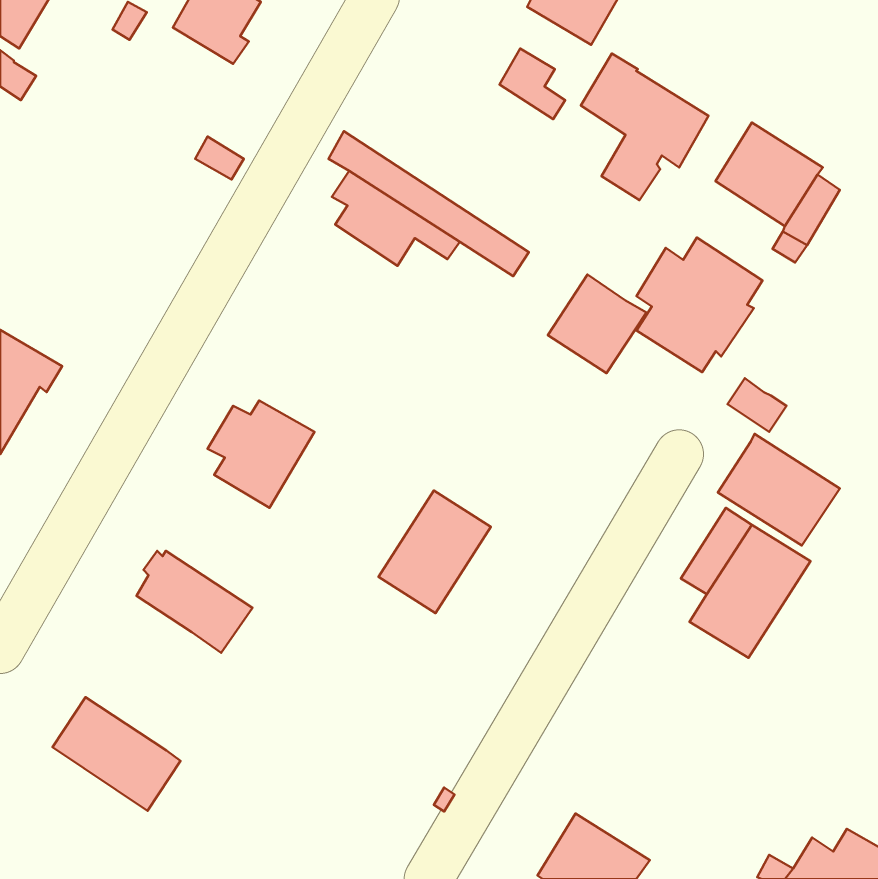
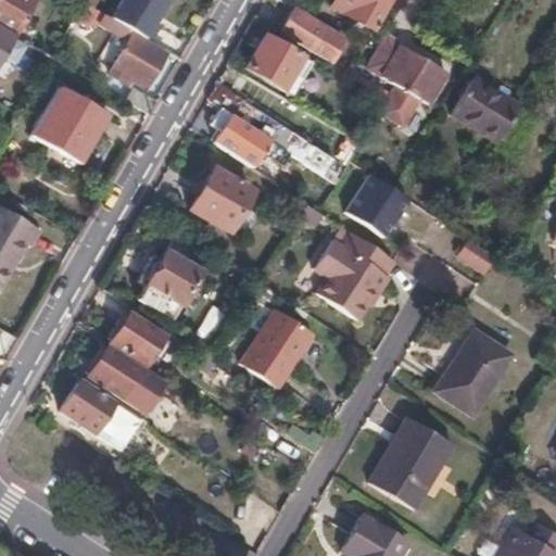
building: none -> [286,12,330,53]
building: none -> [113,26,164,85]
building: none -> [249,36,312,89]
building: none -> [30,87,106,162]
building: [636,237,763,372] -> [316,233,395,318]
building: none -> [193,169,252,229]
building: [718,434,840,545] -> none
building: none -> [109,313,164,364]
building: none -> [368,416,453,509]
building: [53,697,180,811] -> [60,381,140,453]

